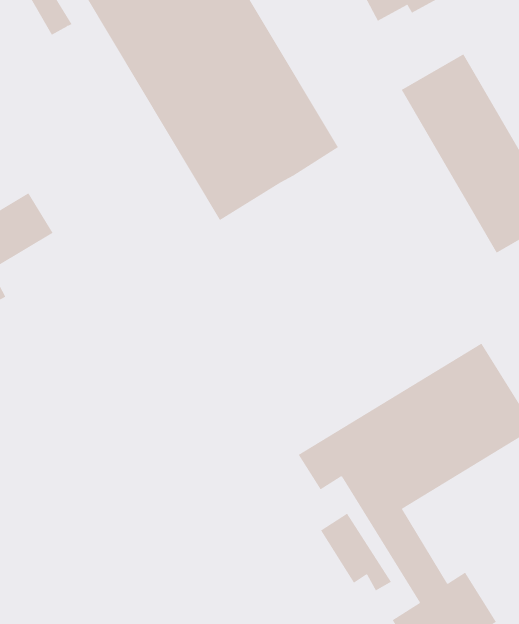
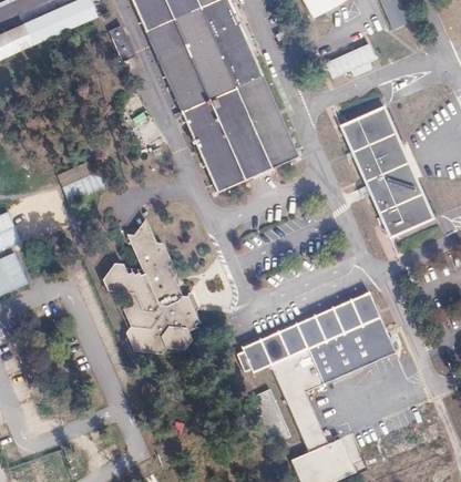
building: none -> [99,215,195,350]

